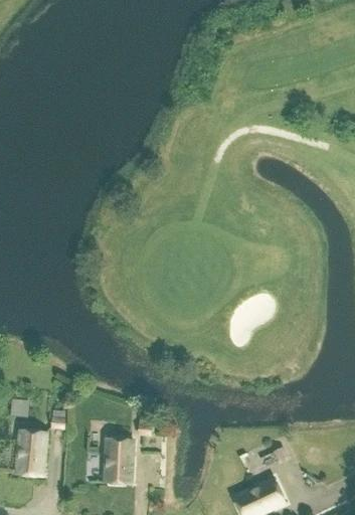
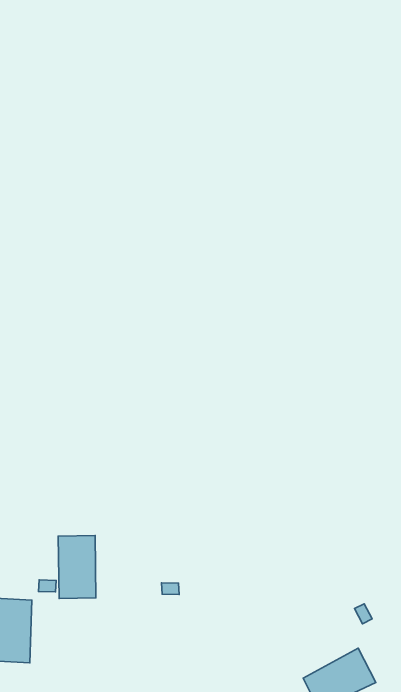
building: [105,437,133,482] -> [58,535,96,599]

